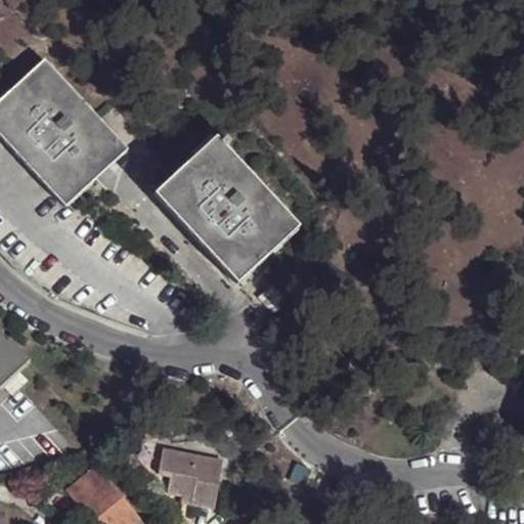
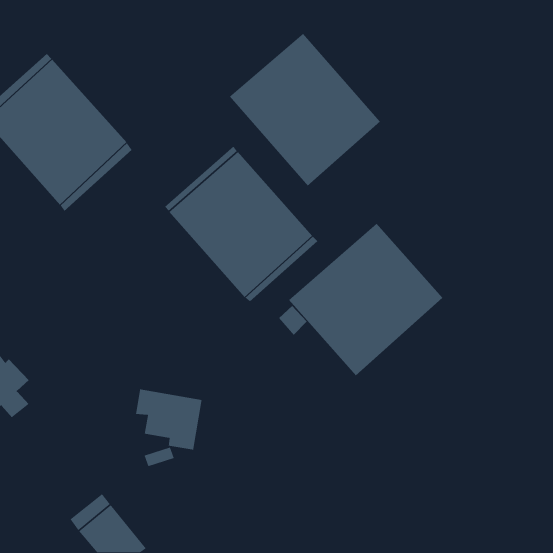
building: none -> [229,33,381,187]
building: none -> [288,223,443,376]
building: [158,449,221,508] -> [135,388,203,450]

